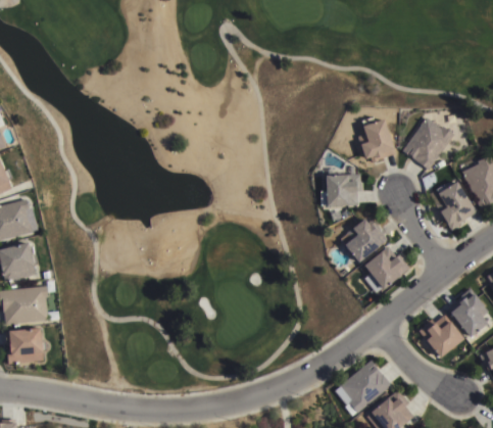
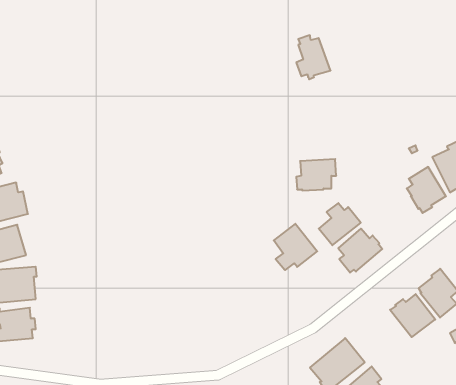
building: [359,116,395,162] -> [296,35,331,79]
building: [402,116,453,170] -> none
building: none -> [274,224,317,270]

